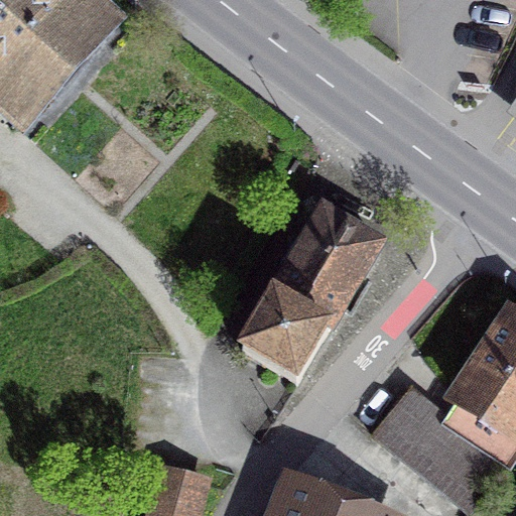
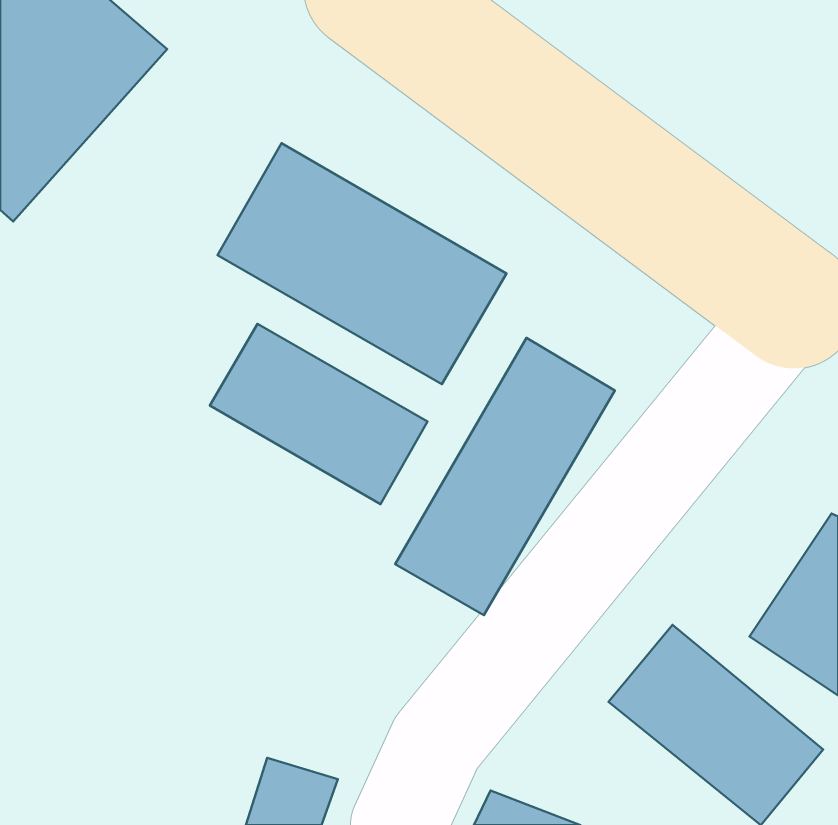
building: none -> [218,143,506,384]
building: none -> [210,324,428,504]

